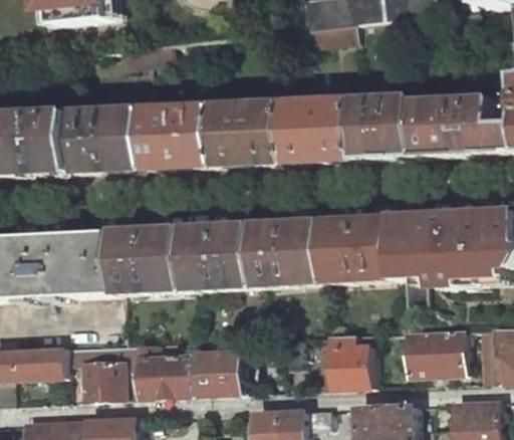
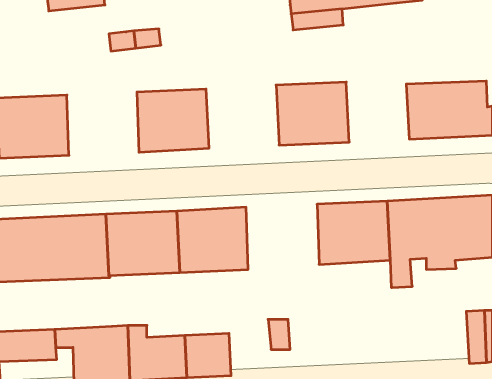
building: [358,95,422,159] -> none
building: [218,101,291,165] -> none
building: [78,108,151,172] -> none
building: [258,221,331,286] -> none
building: [409,329,467,376] -> none
building: [323,333,375,389] -> none

